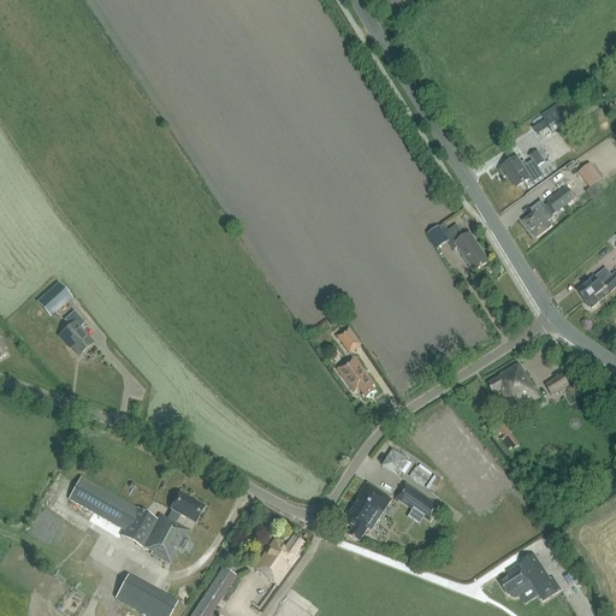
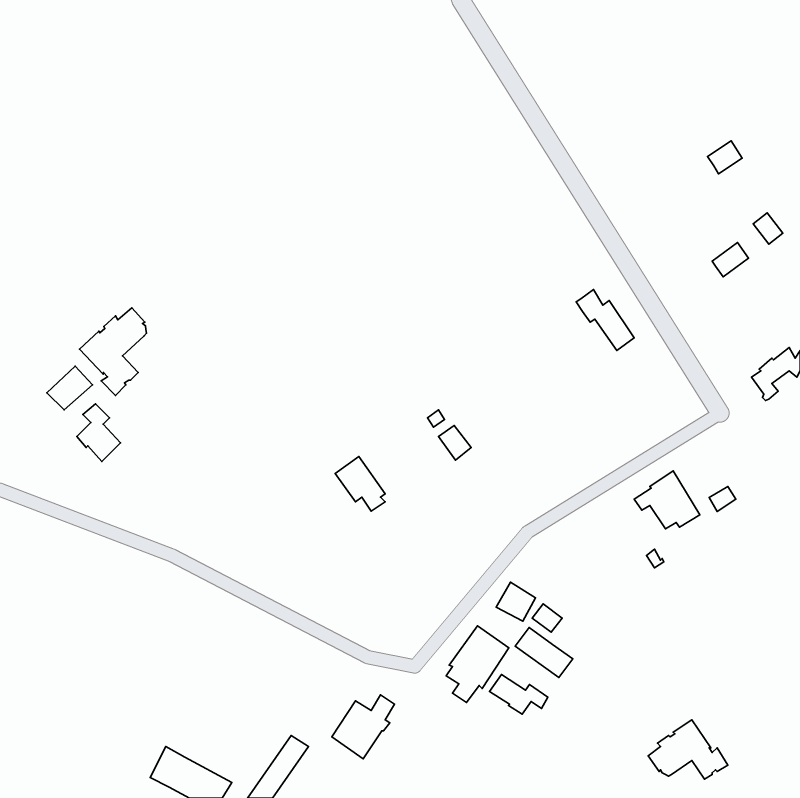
building: [502,150,545,186] -> none
building: [523,201,557,238] -> none
building: none -> [79,308,147,396]
building: [336,355,374,397] -> [335,456,385,511]
building: [70,476,205,563] -> none
building: none -> [490,674,548,714]

